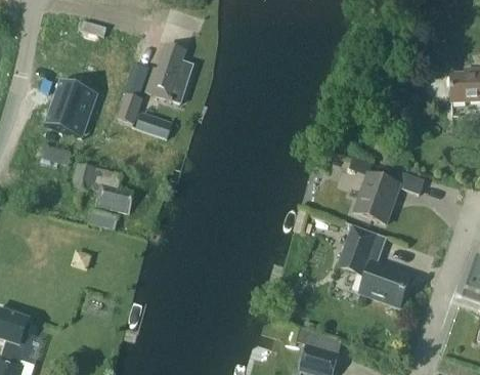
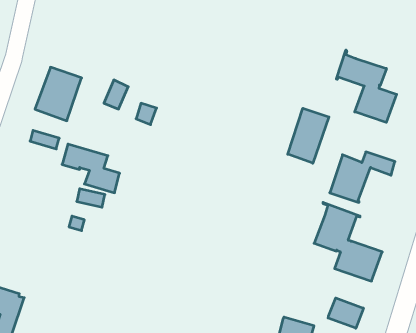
building: [145,45,195,106] -> none
building: none -> [336,50,397,122]
building: none -> [288,108,329,163]
building: none -> [328,298,363,328]

